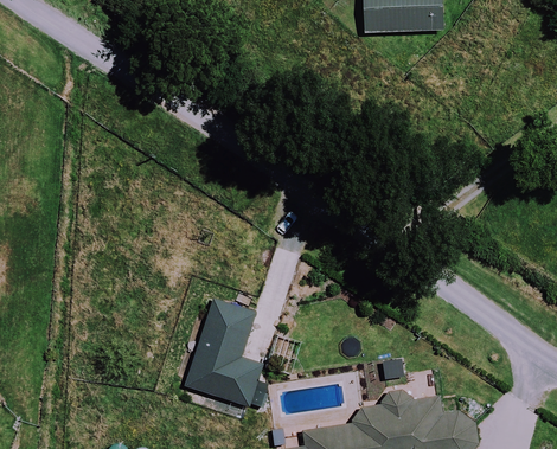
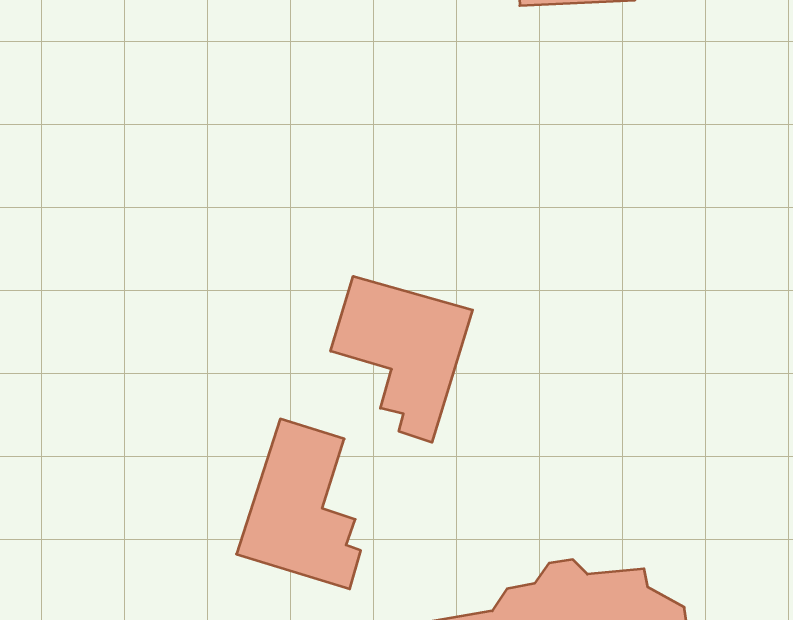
building: none -> [331,276,473,442]

